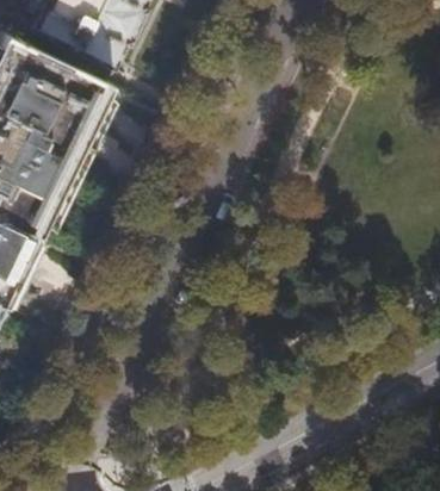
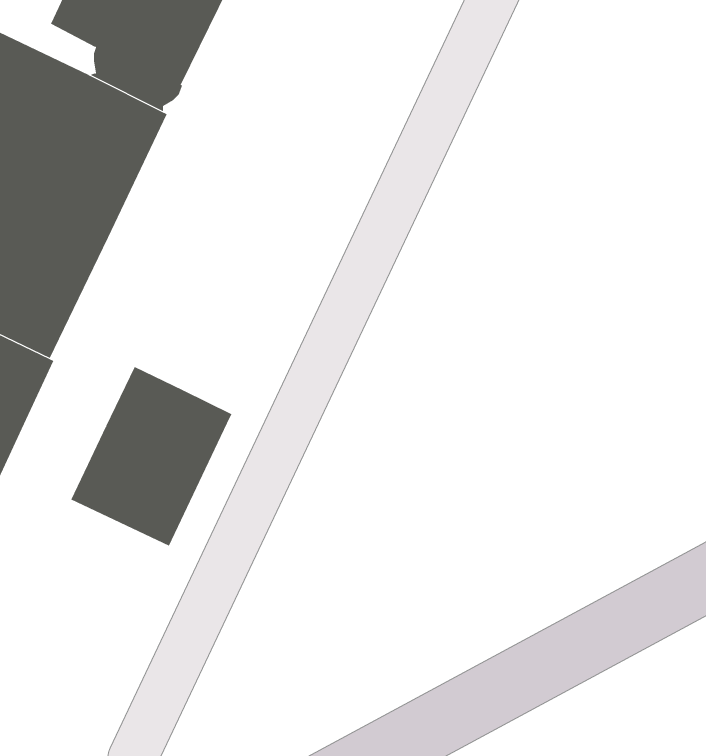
building: none -> [70,366,232,547]

